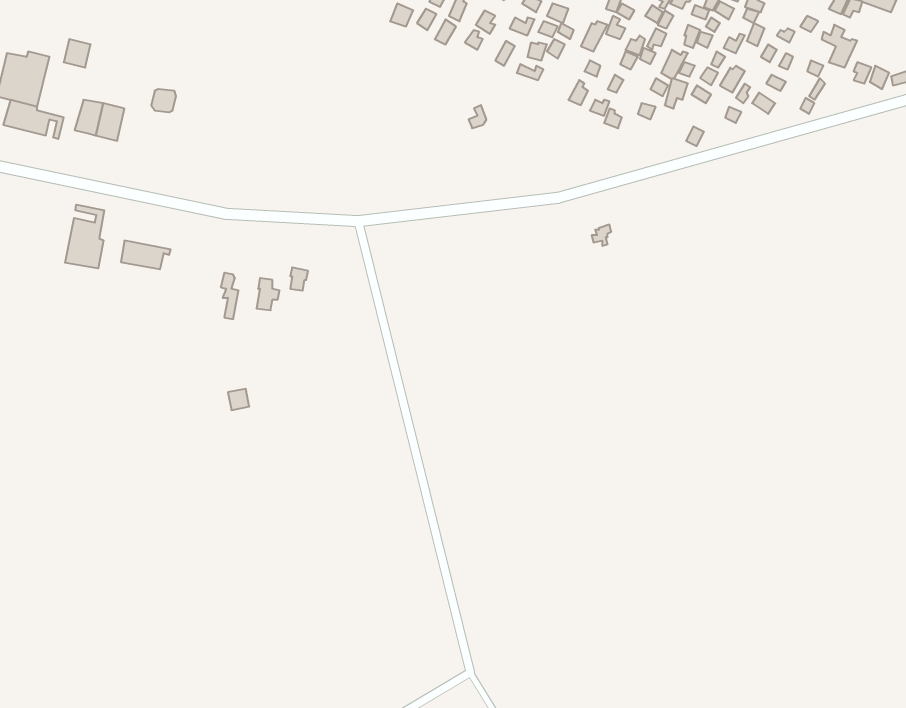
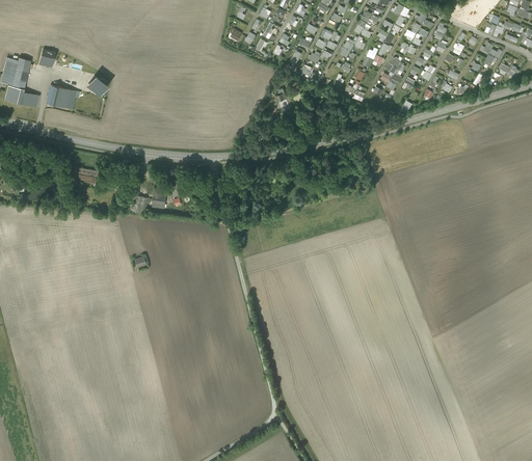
building: [65,205,104,268] -> none

